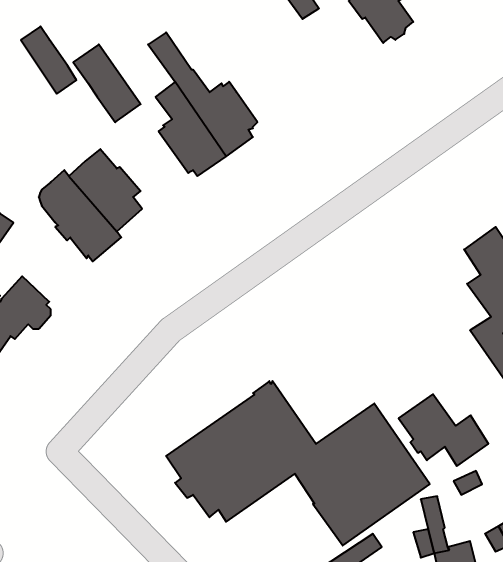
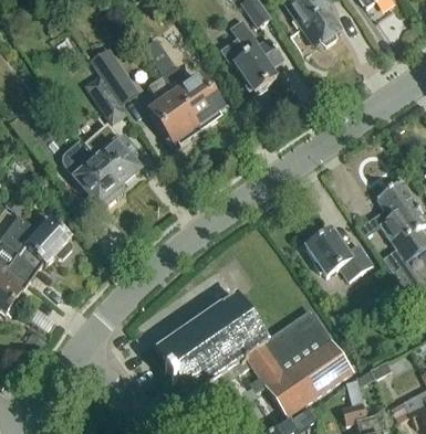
building: none -> [219,18,283,91]
building: [21,26,76,94] -> [85,74,126,124]
building: [399,394,488,466] -> [305,226,372,279]

